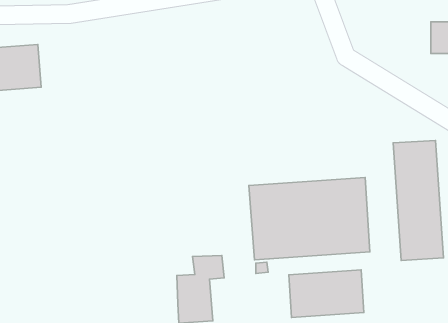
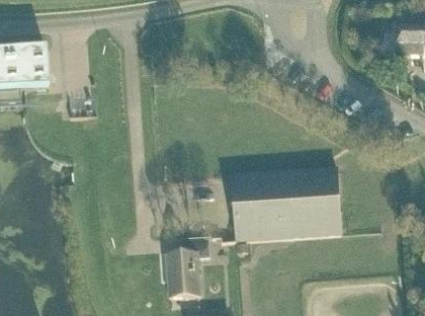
building: [393,140,443,260] -> none
building: [289,270,364,317] -> none

